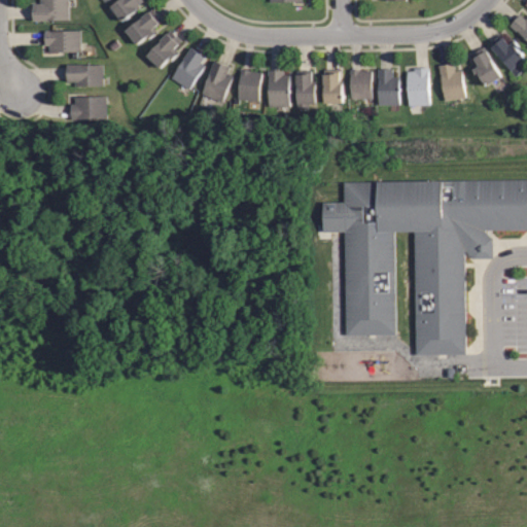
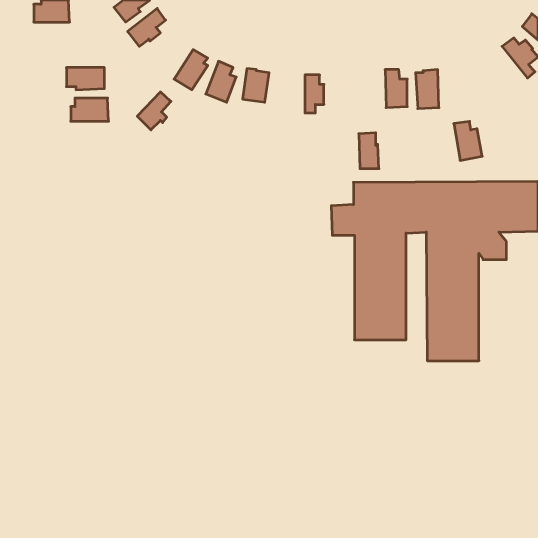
building: [44,31,80,51] -> none
building: [147,32,180,69] -> [137,92,171,130]
building: [470,48,499,85] -> none
building: [436,64,464,102] -> [454,121,482,160]
building: [322,70,342,105] -> [359,133,379,169]
building: [349,70,371,100] -> none
building: [268,72,289,107] -> none

